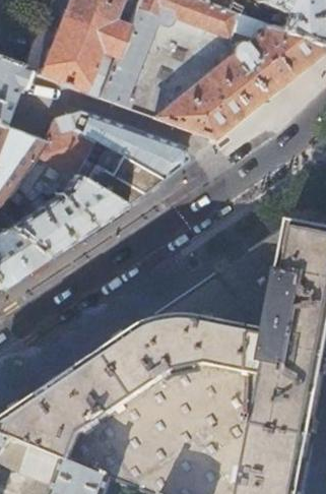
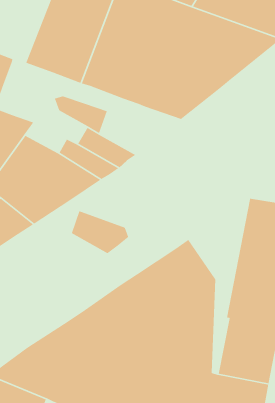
building: [36,115,106,177] -> none
building: [120,129,186,179] -> [71,210,129,254]
building: [220,228,289,428] -> none

